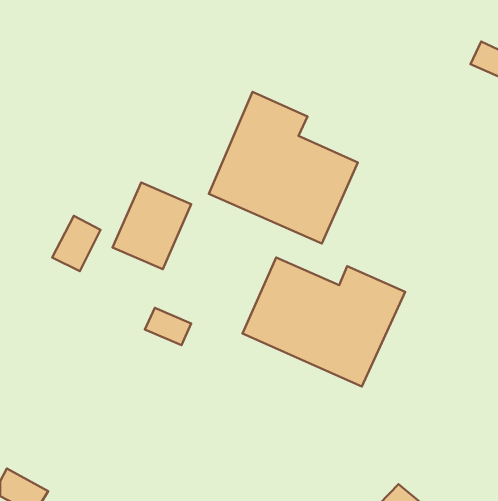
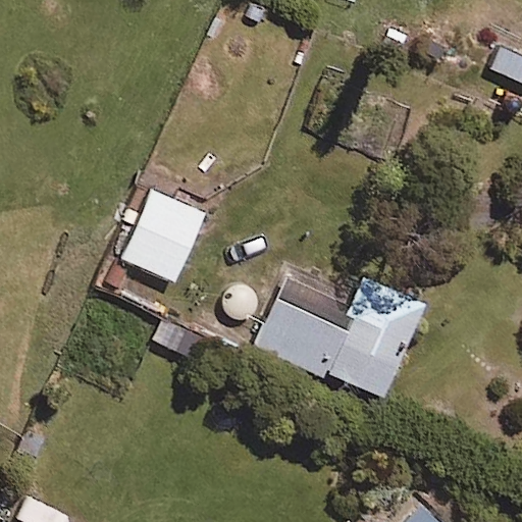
building: [209,92,358,243] -> none

